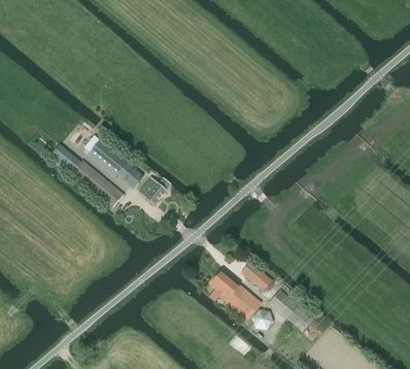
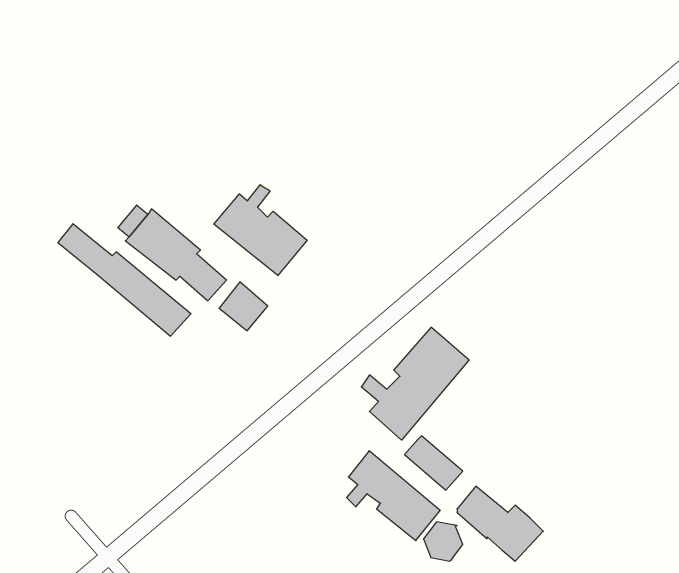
building: none -> [214,185,307,276]
building: none -> [361,327,469,440]

